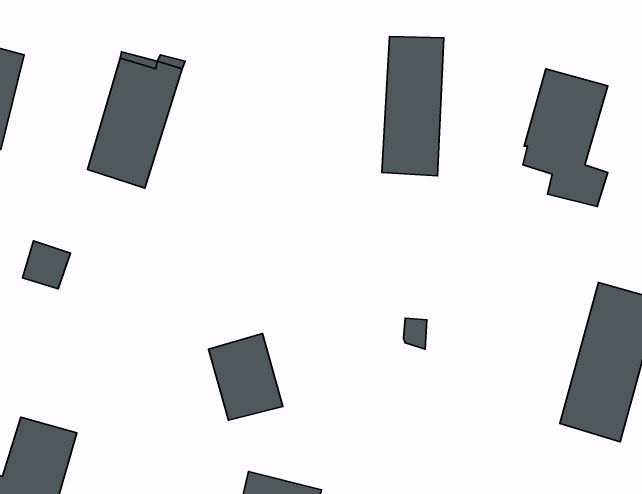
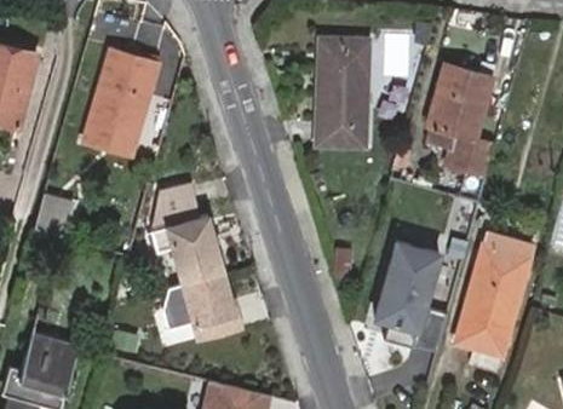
building: none -> [155,182,223,283]
building: none -> [375,229,453,357]

